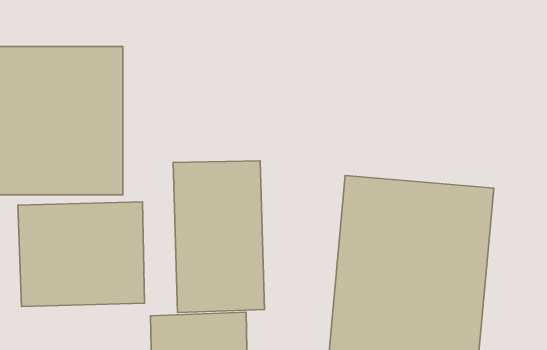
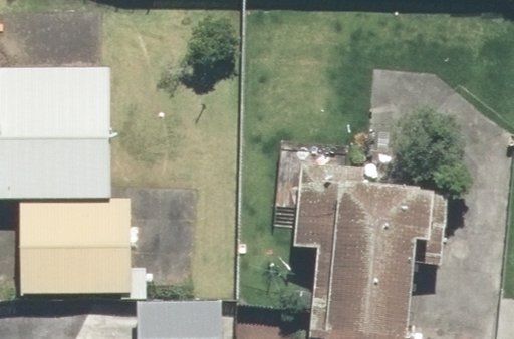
building: [173,161,264,313] -> none

